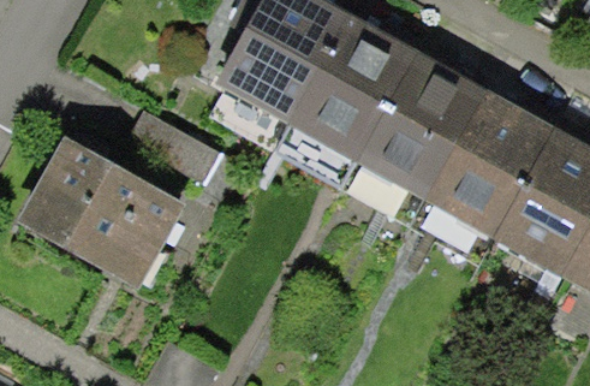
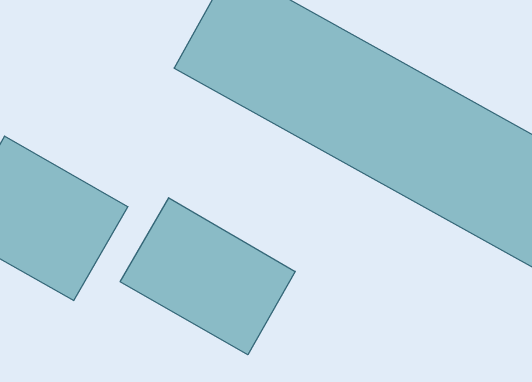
building: none -> [120,198,295,355]

